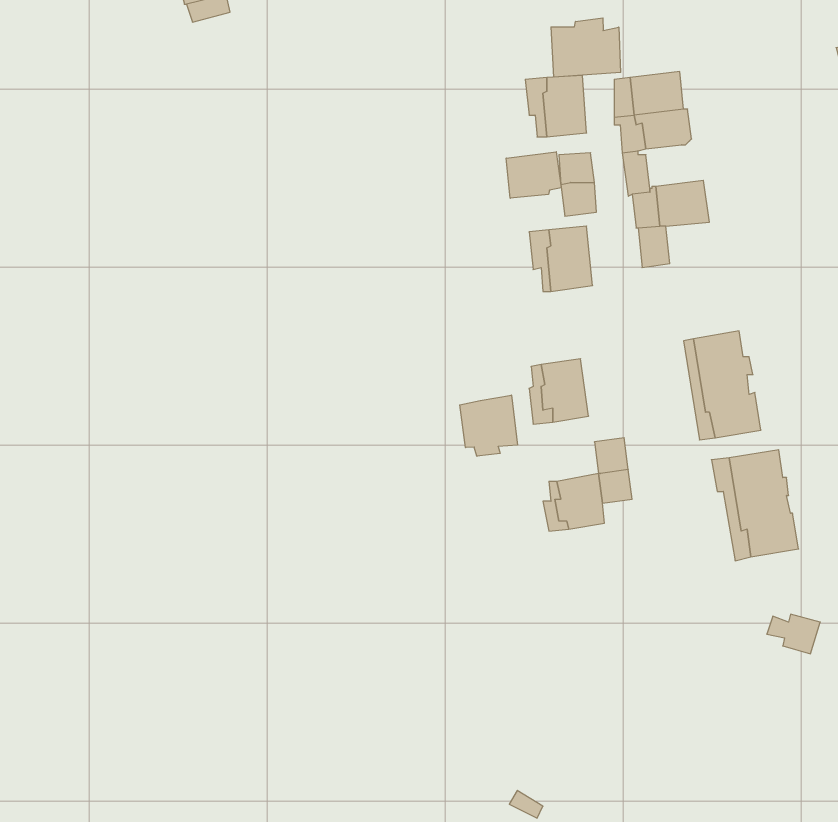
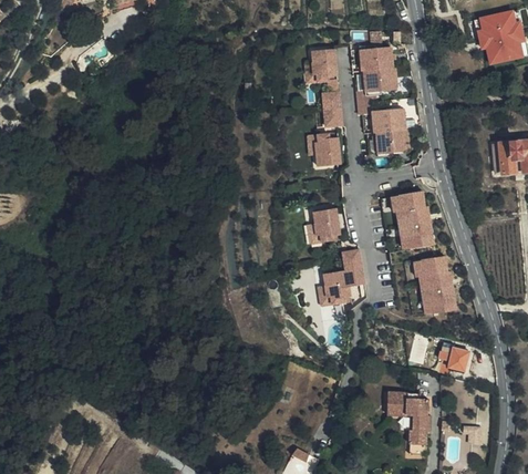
building: [551,18,621,77] -> none
building: [506,152,561,198] -> none
building: none -> [383,128,412,152]
building: [460,395,517,456] -> none
building: none -> [380,392,424,455]

